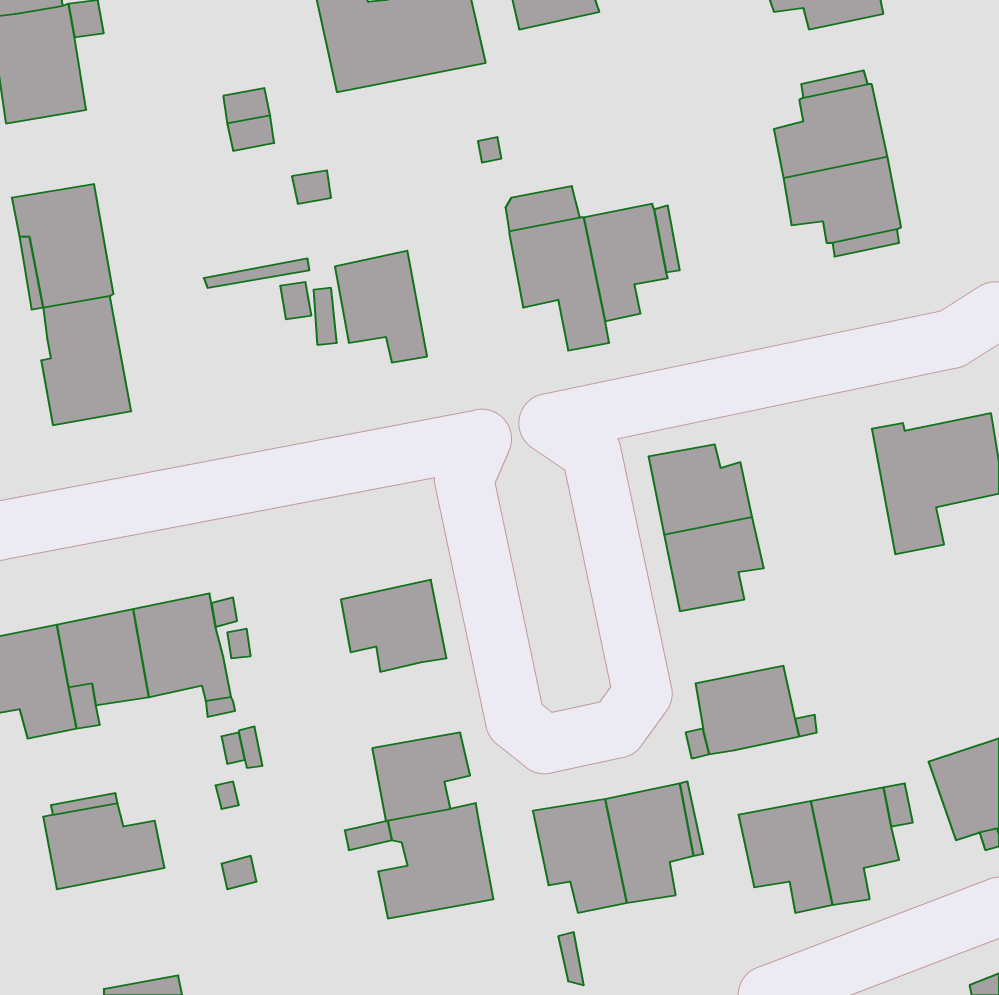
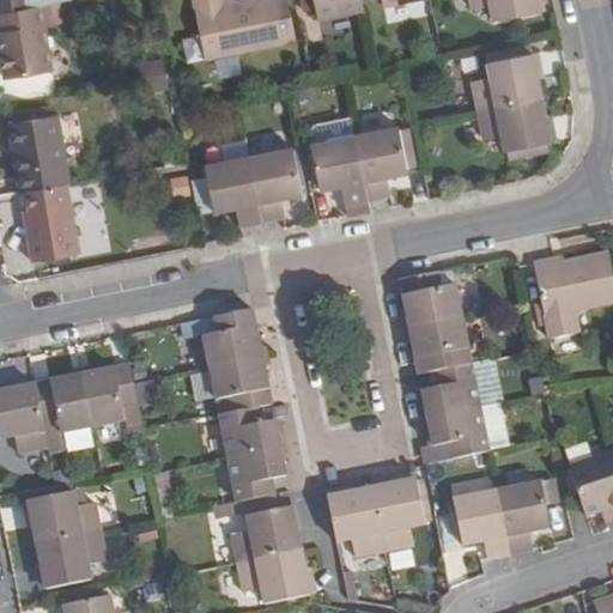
building: none -> [249,145,303,218]
building: none -> [178,309,263,366]
building: none -> [419,364,479,418]
building: none -> [218,405,281,457]
building: none -> [35,530,107,588]
building: none -> [237,550,310,602]

